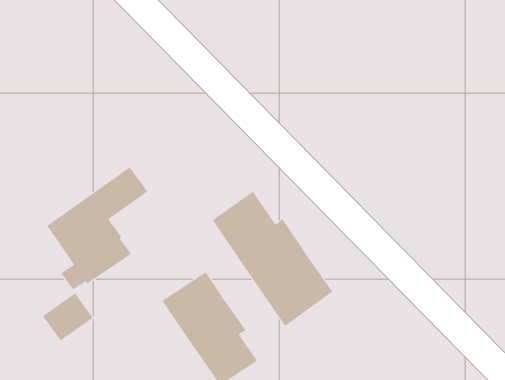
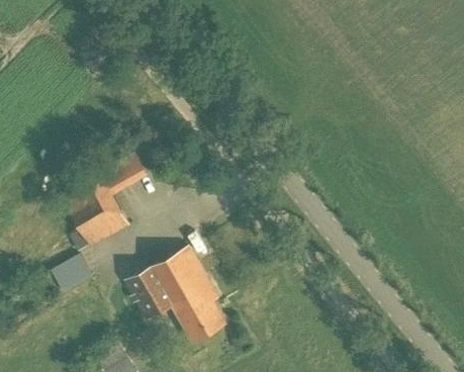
building: [212,191,333,327] -> none
building: none -> [125,267,172,318]

